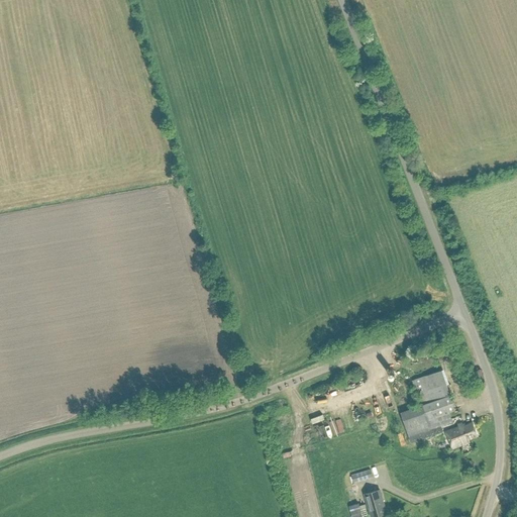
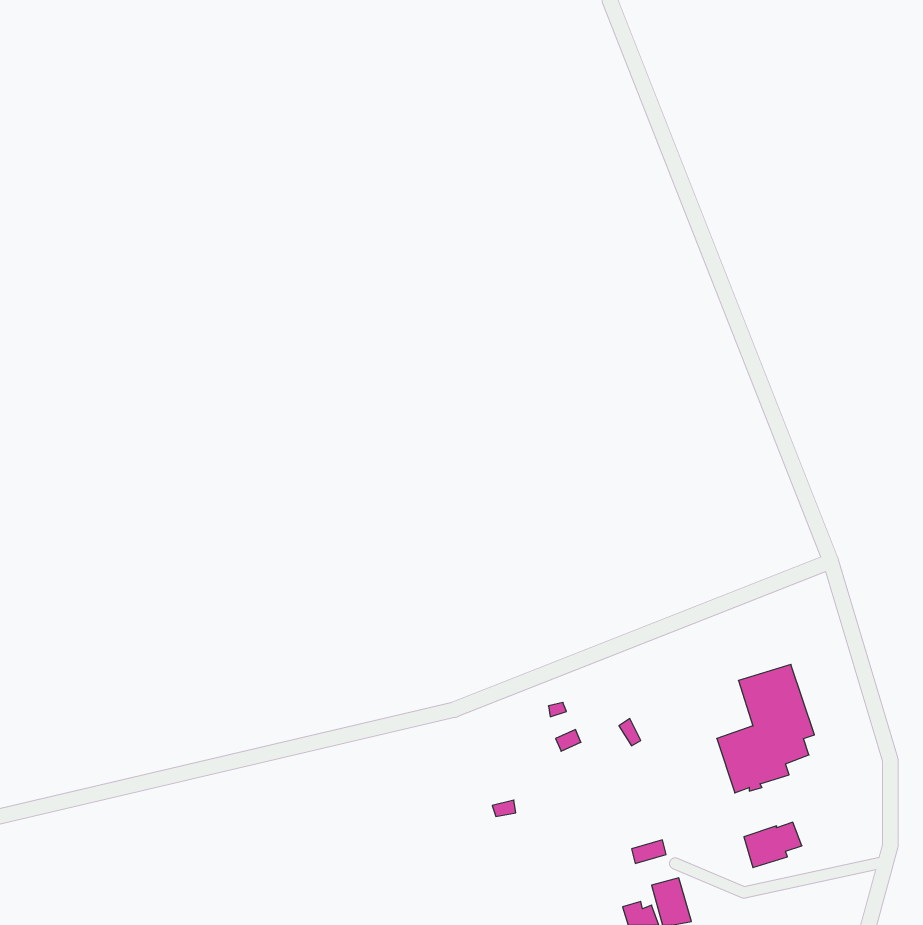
building: [445,423,478,448] -> [744,822,802,868]

